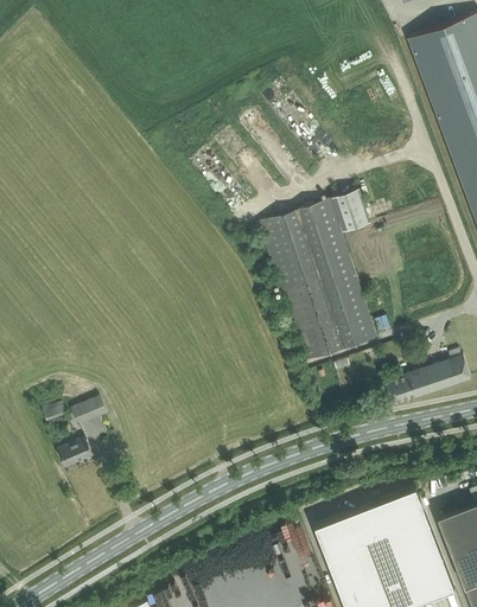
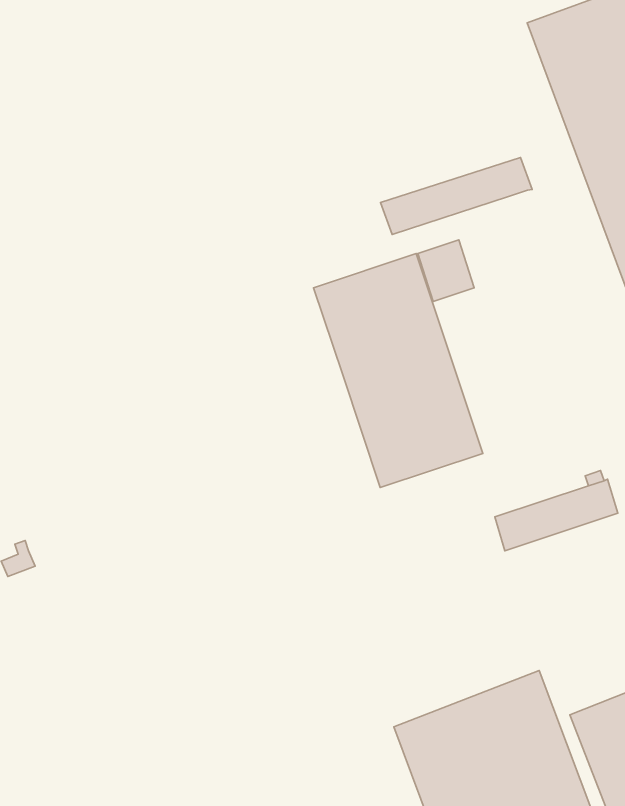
building: none -> [380,158,532,234]
building: [71,398,106,427] -> none
building: [58,439,94,467] -> none

